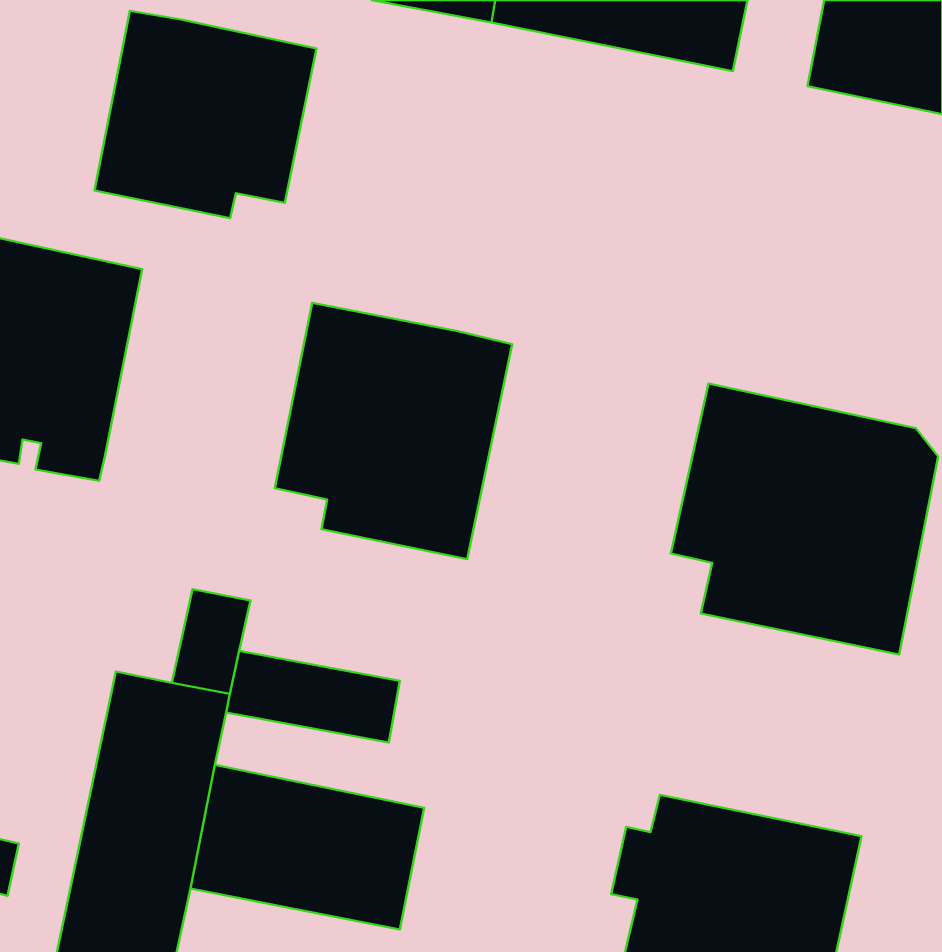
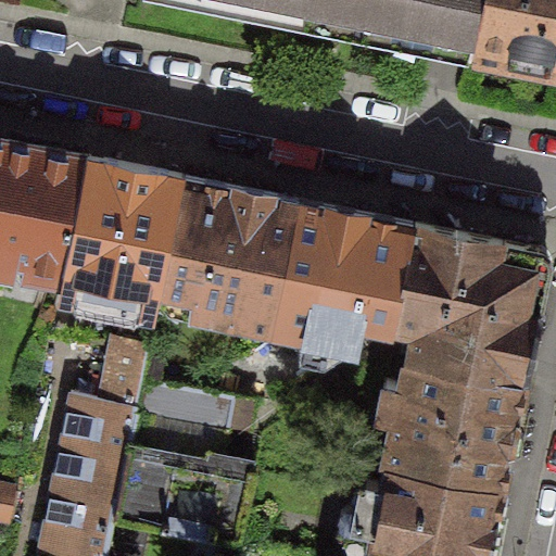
building: [94,11,316,218] -> none
building: none -> [61,159,181,292]
building: none -> [271,202,412,343]
building: none -> [376,358,522,488]

